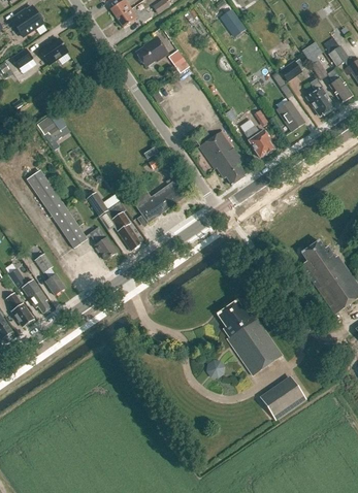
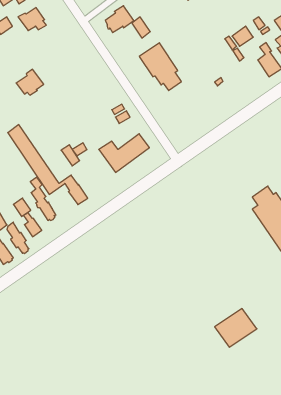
building: [278,101,305,130] -> none
building: [245,126,274,157] -> none
building: [199,130,247,184] -> [139,43,181,91]
building: [111,201,140,250] -> [30,177,56,220]
building: [217,299,282,373] -> none

